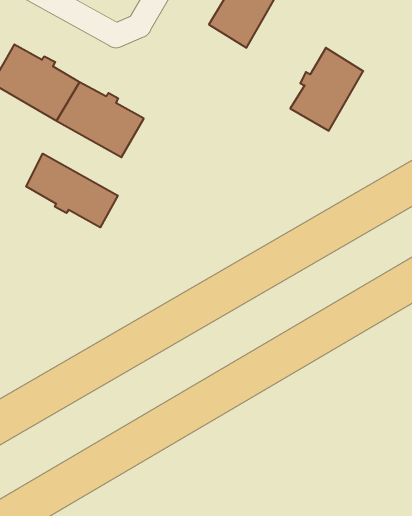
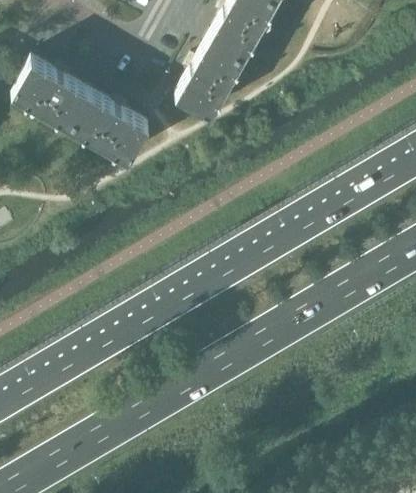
building: [290,48,363,131] -> [176,45,242,120]
building: [26,154,118,227] -> none

